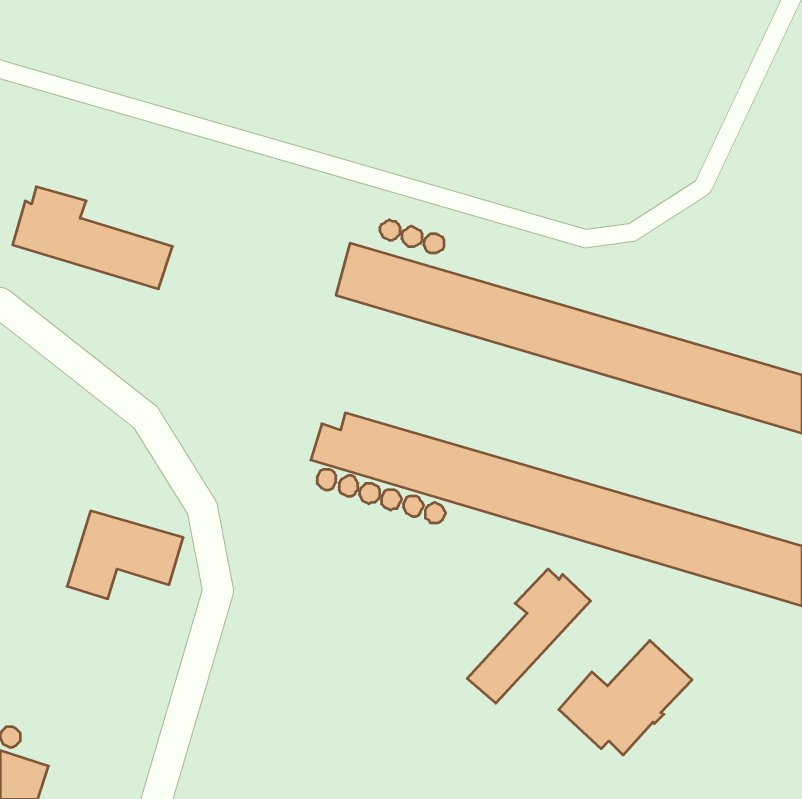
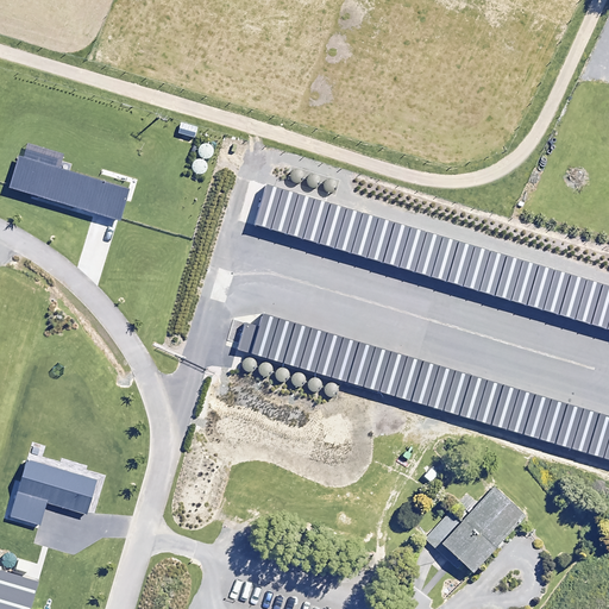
building: [67,511,183,599] -> [10,457,98,523]
building: [467,569,591,703] -> none

